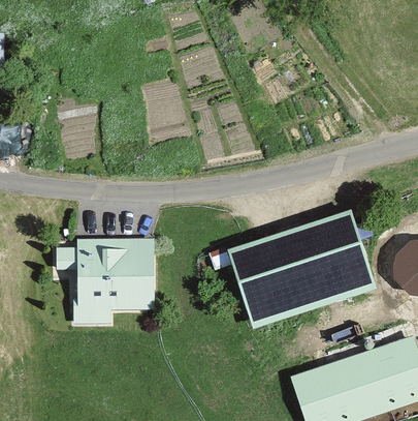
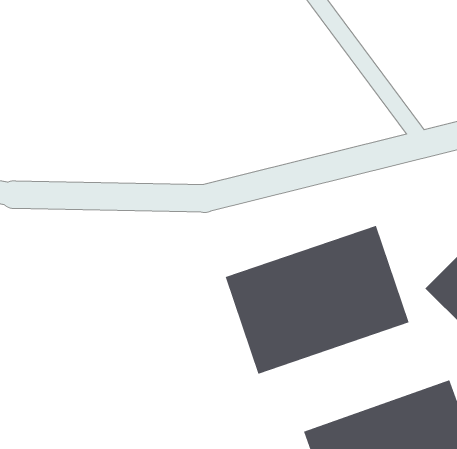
building: [72,239,157,309] -> none

